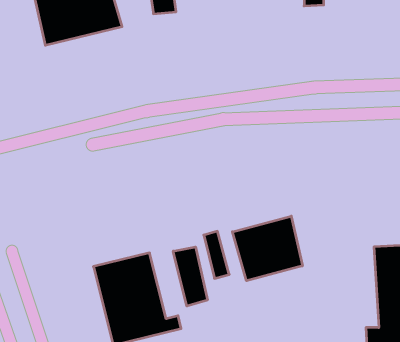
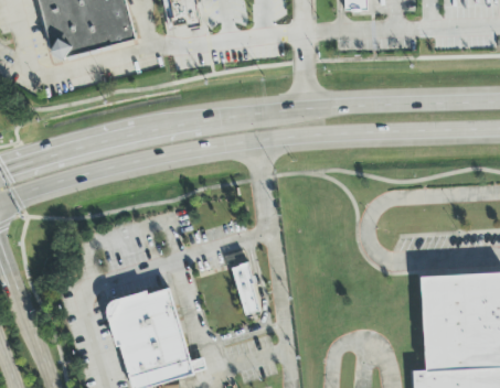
building: [232,216,302,281] -> none
building: [173,247,207,306] -> none

